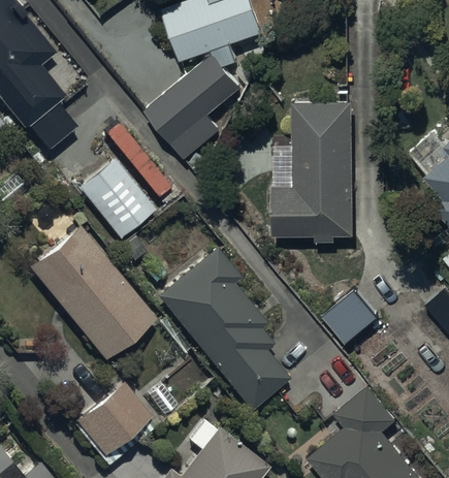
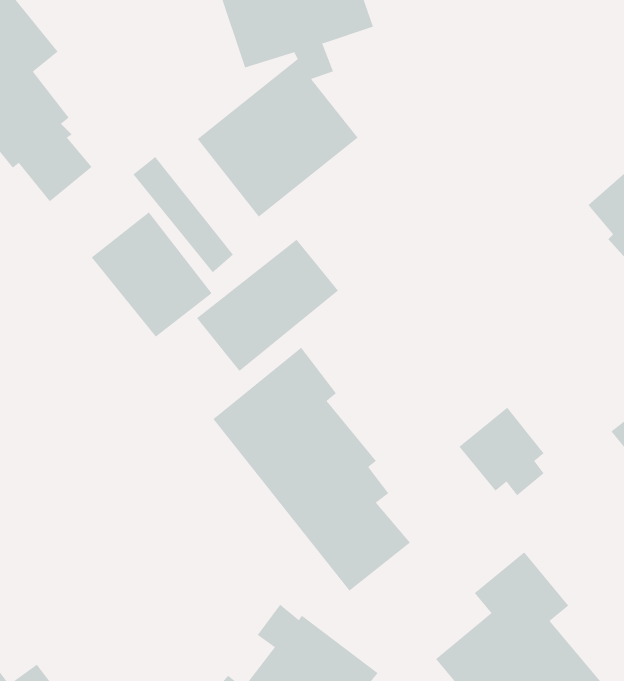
building: [270,99,354,243] -> none
building: none -> [196,239,339,372]
building: [27,224,154,359] -> none
building: [69,380,158,468] -> none

